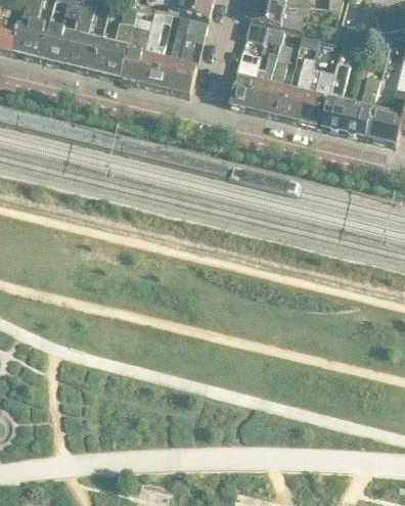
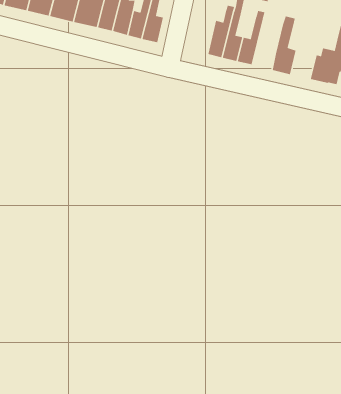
building: [230,49,260,106] -> none
building: [299,65,333,124] -> none
building: [343,74,379,135] -> none

